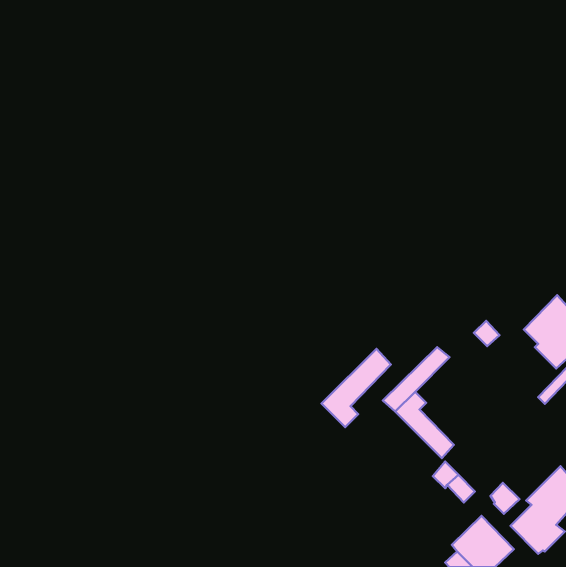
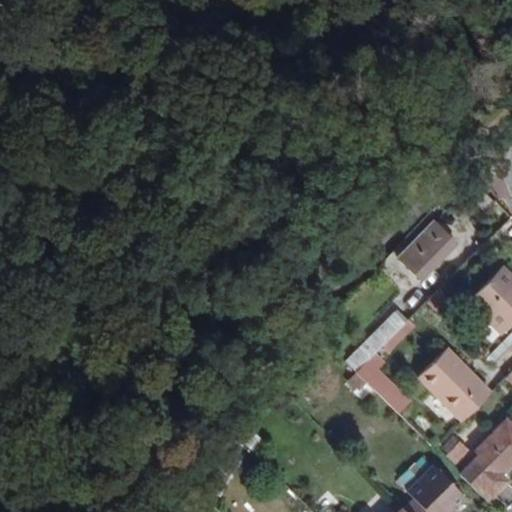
building: none -> [401,222,456,278]
building: [322,349,391,427] -> none
building: none -> [419,348,491,420]

